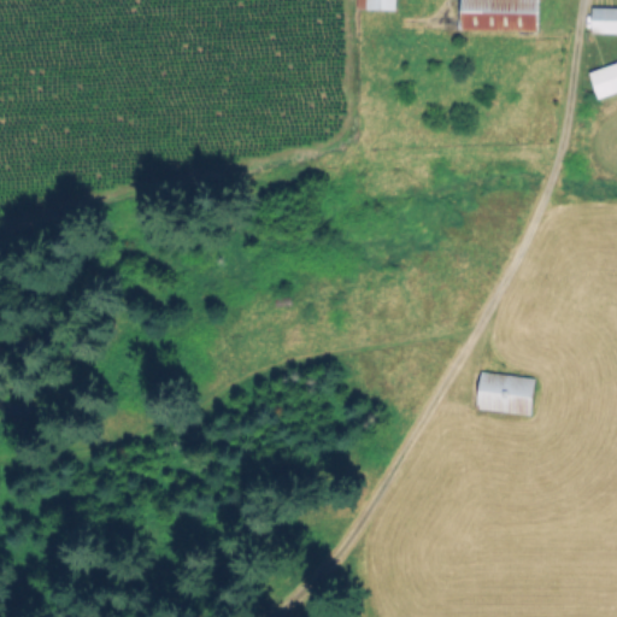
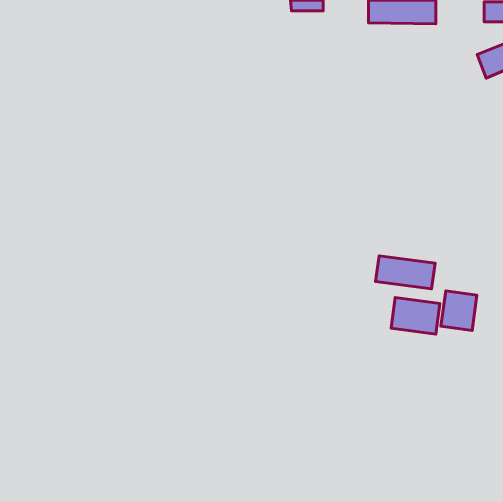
building: none -> [375,256,435,289]
building: none -> [441,291,477,331]

